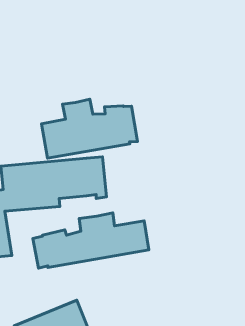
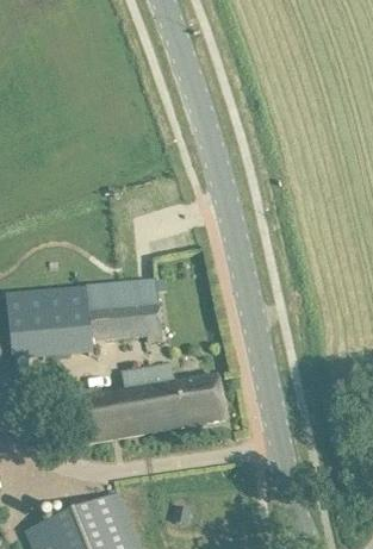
building: [41,99,137,158] -> none

